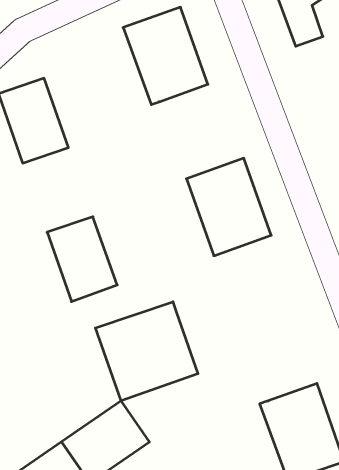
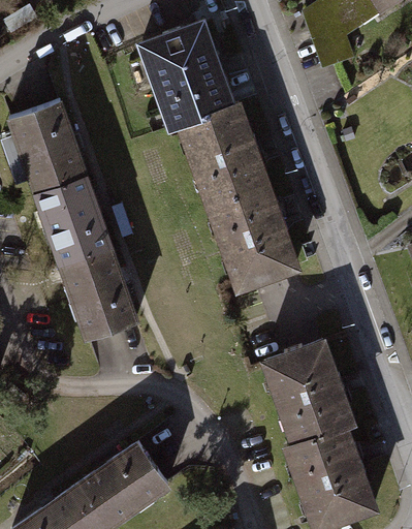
building: none -> [179,104,268,208]
building: none -> [34,175,108,264]
building: [95,302,198,401] -> none
building: none -> [264,340,354,443]

